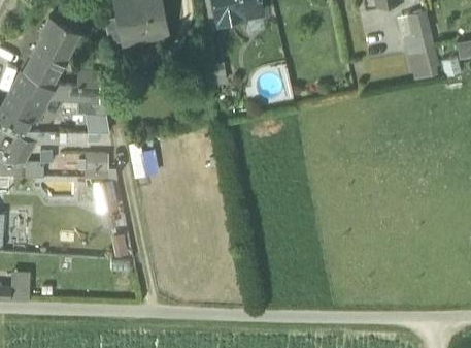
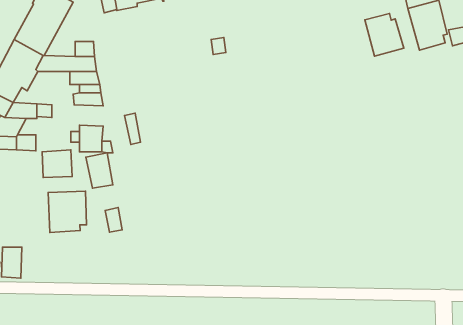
building: none -> [365,14,404,56]
building: none -> [48,191,86,233]

